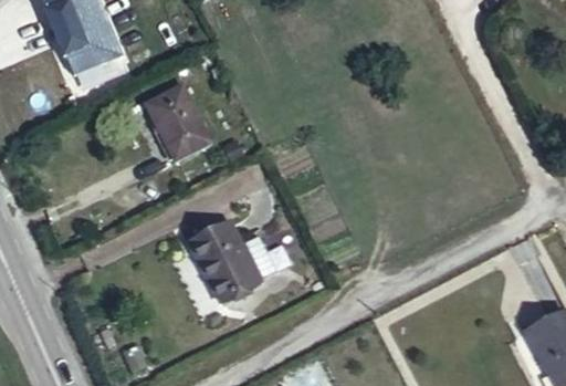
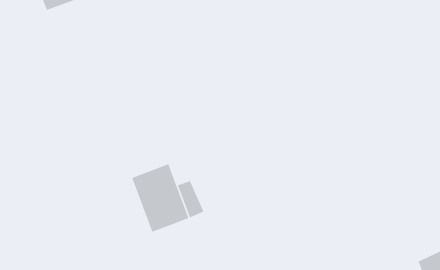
building: [155,90,213,160] -> none

